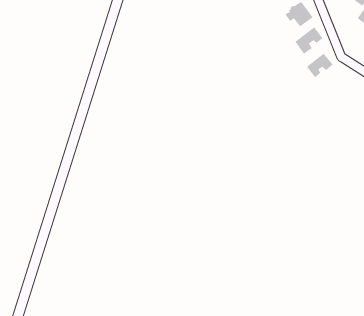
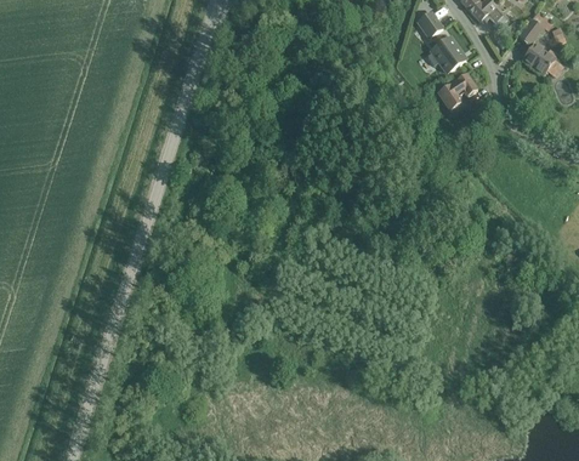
building: [306,53,333,78] -> none

